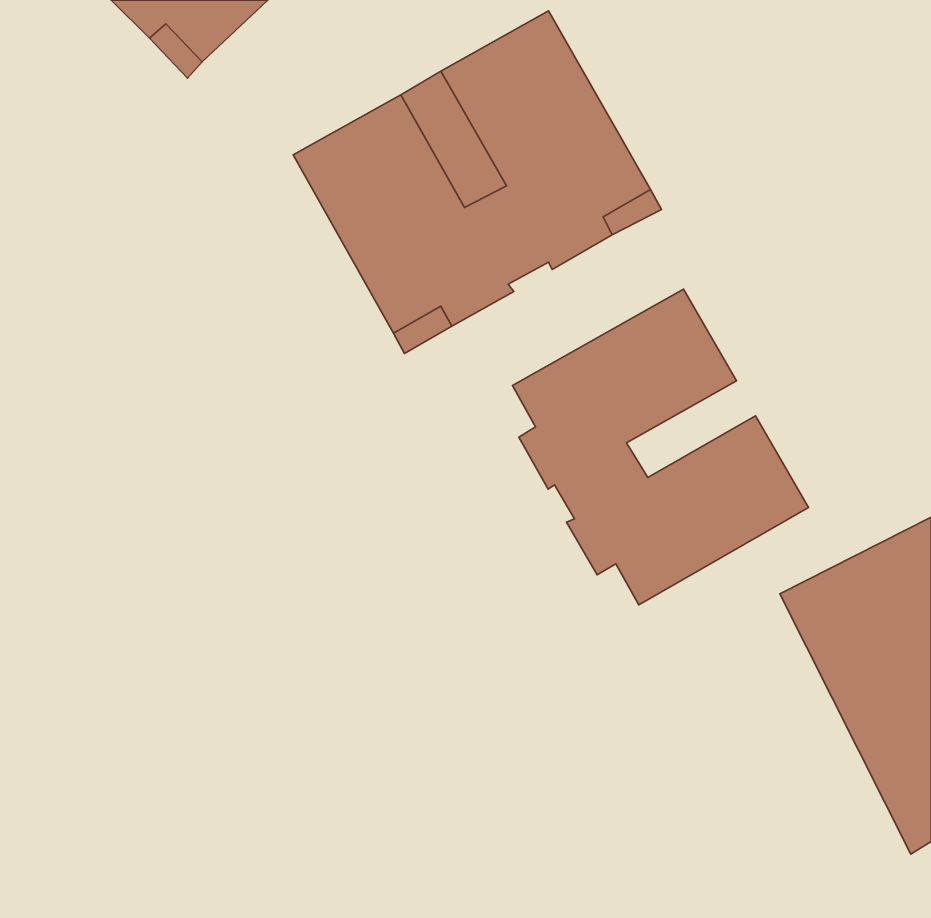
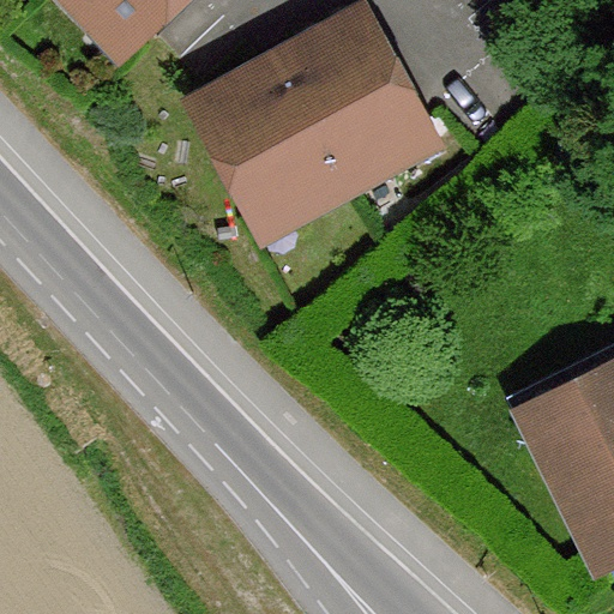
building: [512,289,809,605] -> none

